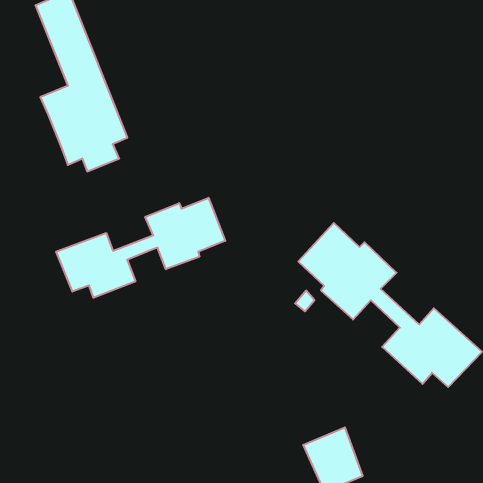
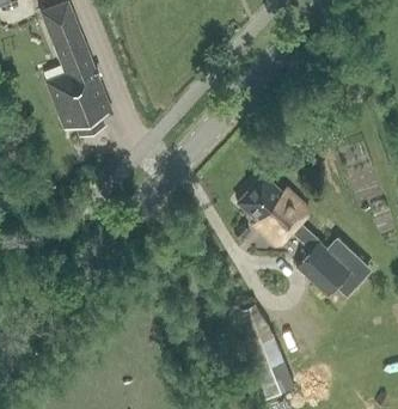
building: [56,198,225,298] -> none

